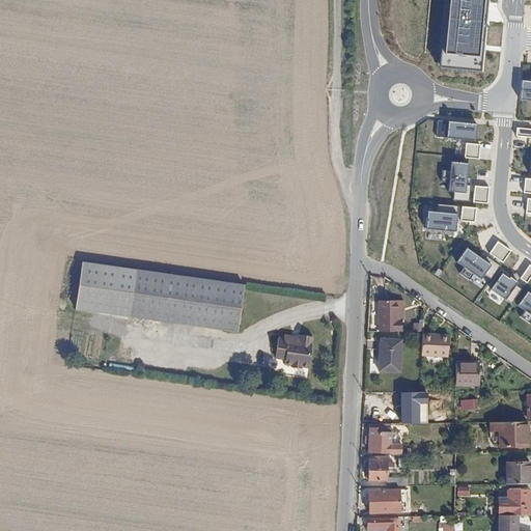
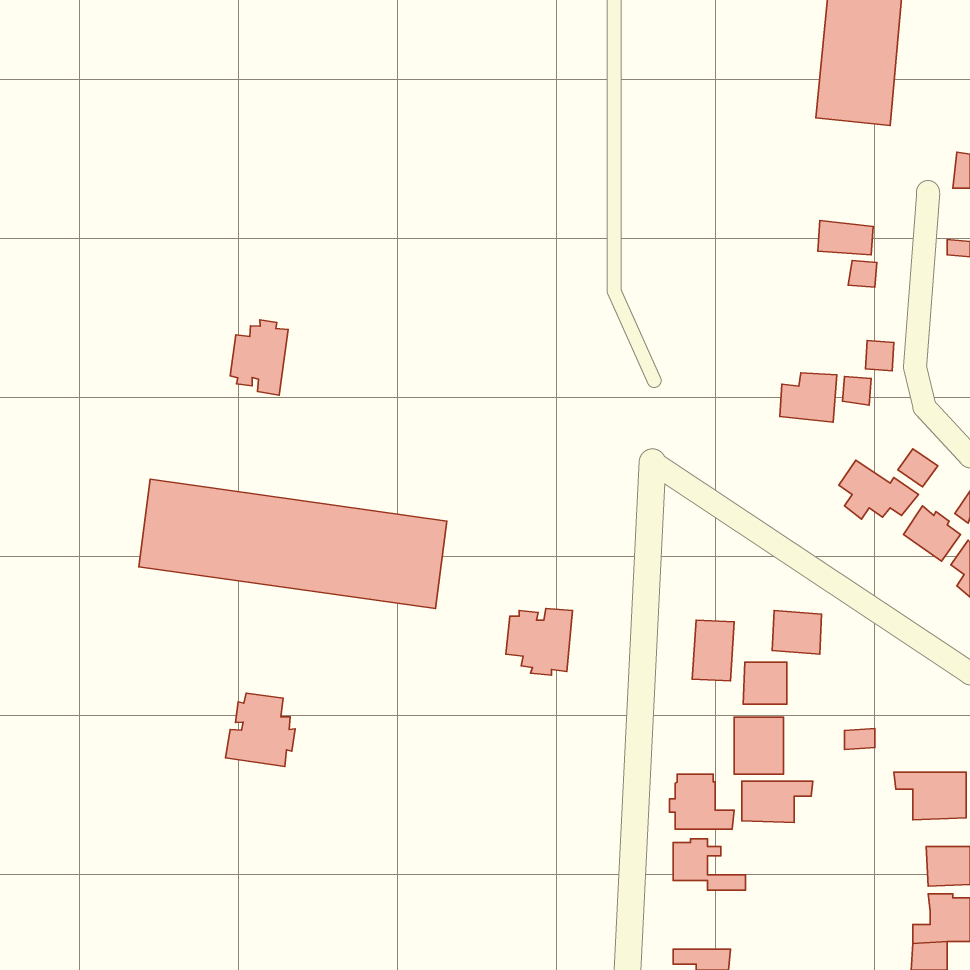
building: [441,161,470,201] -> none
building: none -> [230,320,288,395]
building: [378,300,402,331] -> none
building: [454,361,478,384] -> [743,662,787,704]
building: none -> [226,693,295,766]
building: none -> [742,781,813,822]
building: [367,487,399,512] -> none

